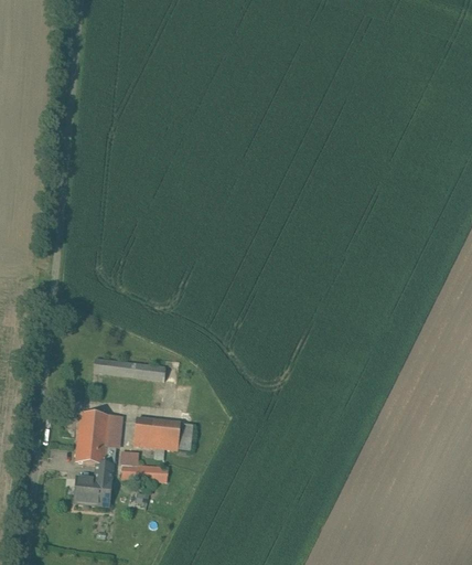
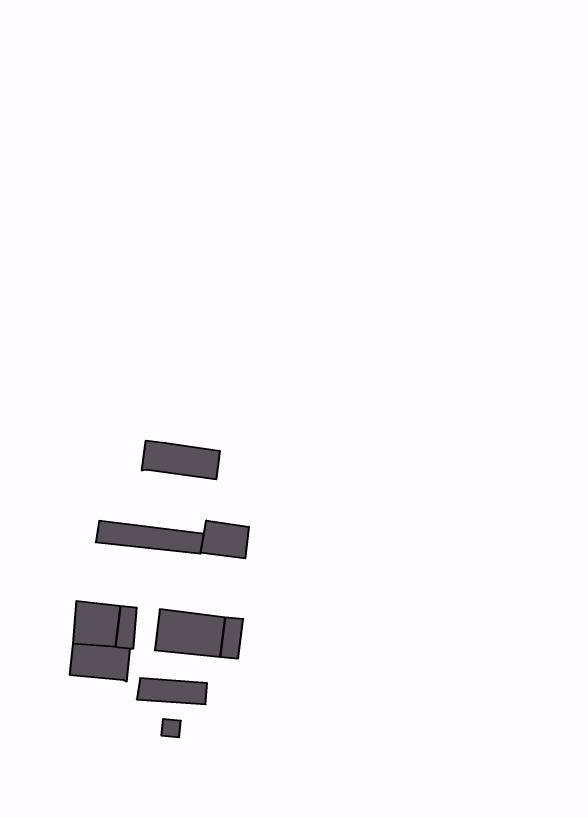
building: none -> [142,441,220,479]
building: none -> [201,520,249,558]
building: [74,463,111,504] -> none

